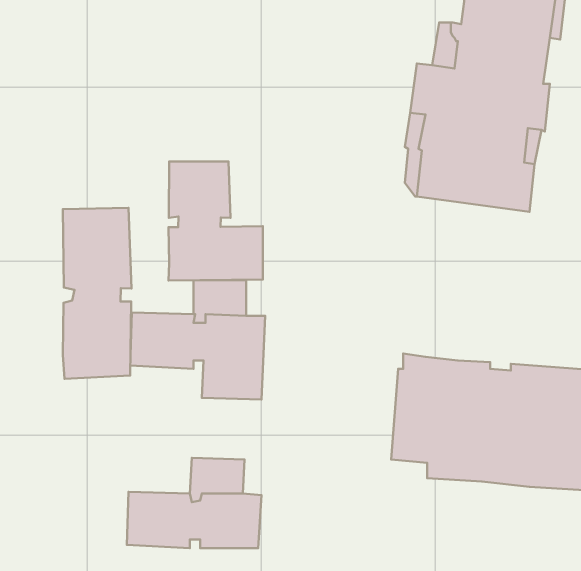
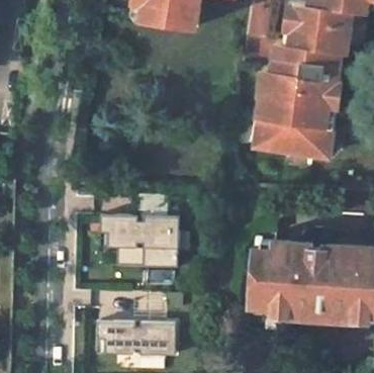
building: [169,161,263,280] -> none
building: [63,208,131,379] -> none

